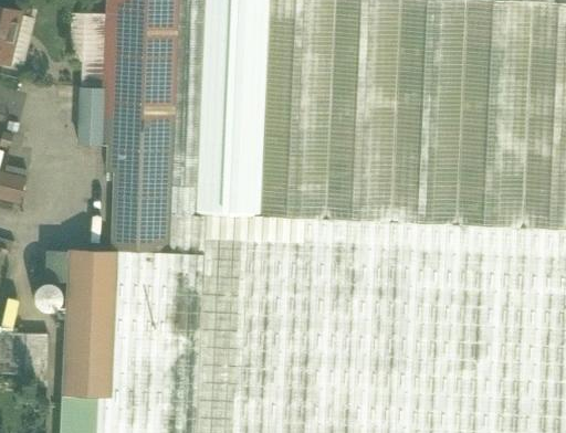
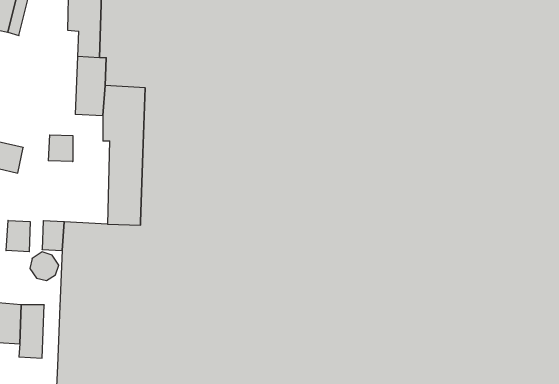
building: none -> [48,135,73,162]
building: none -> [6,220,30,252]

